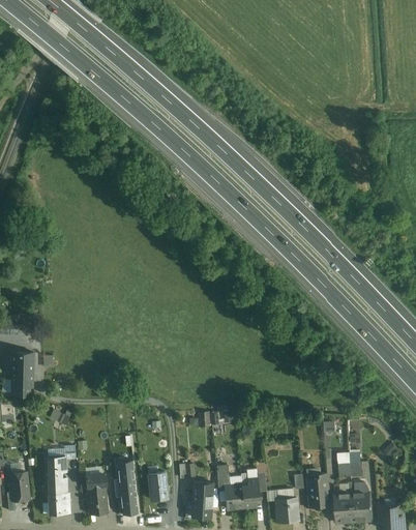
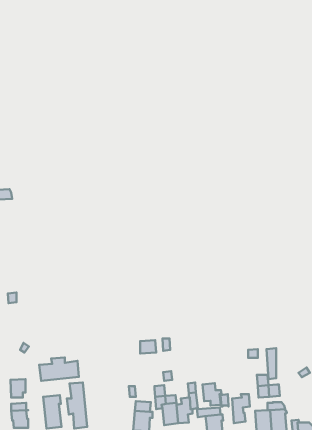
building: none -> [39,357,79,381]
building: none -> [202,383,222,406]
building: [149,472,169,500] -> none

